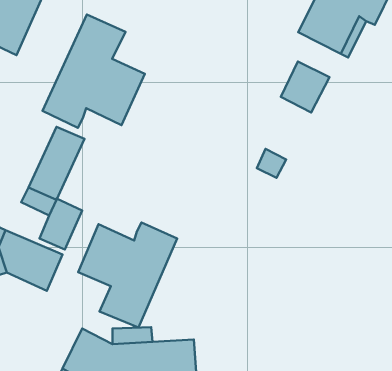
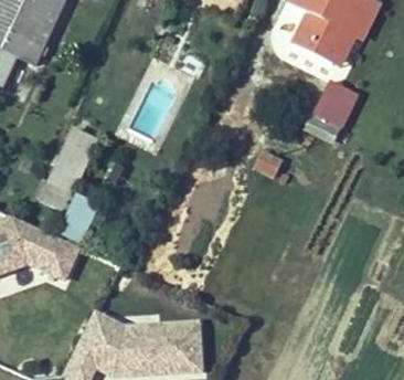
building: [42,15,145,128] -> none
building: [281,61,329,112] -> [315,81,359,127]
building: [78,222,177,328] -> none

